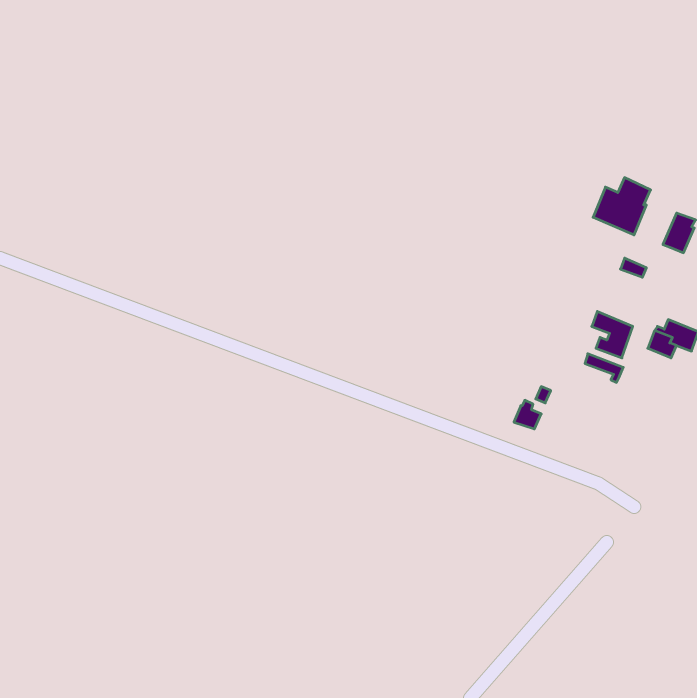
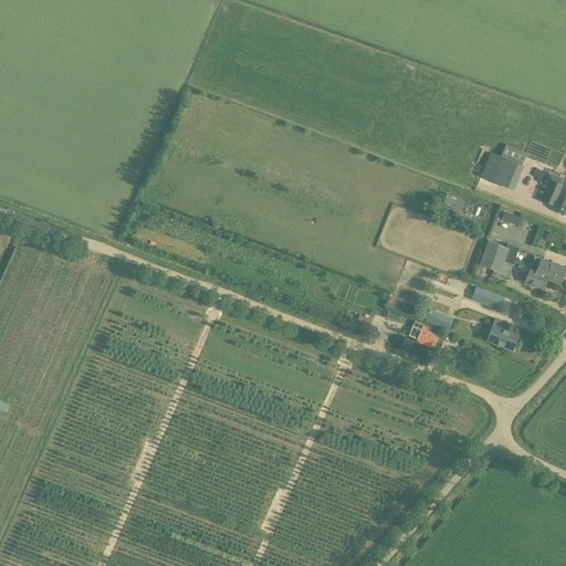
building: none -> [484,240,520,264]
building: none -> [488,319,518,350]

